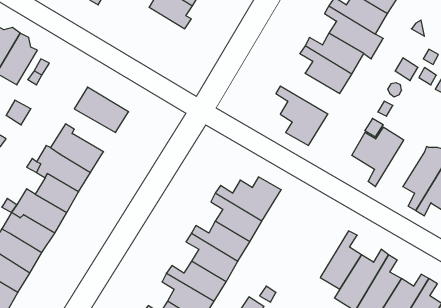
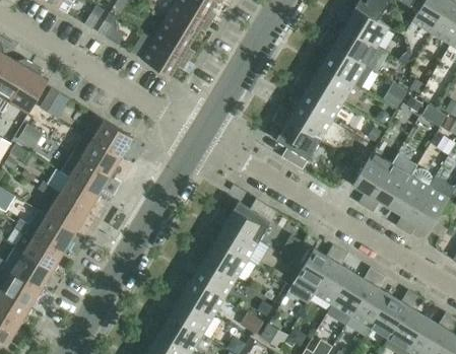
building: none -> [141,40,187,76]
building: none -> [276,101,332,140]
building: none -> [75,135,122,180]
building: none -> [366,164,411,212]
building: none -> [288,242,340,302]

